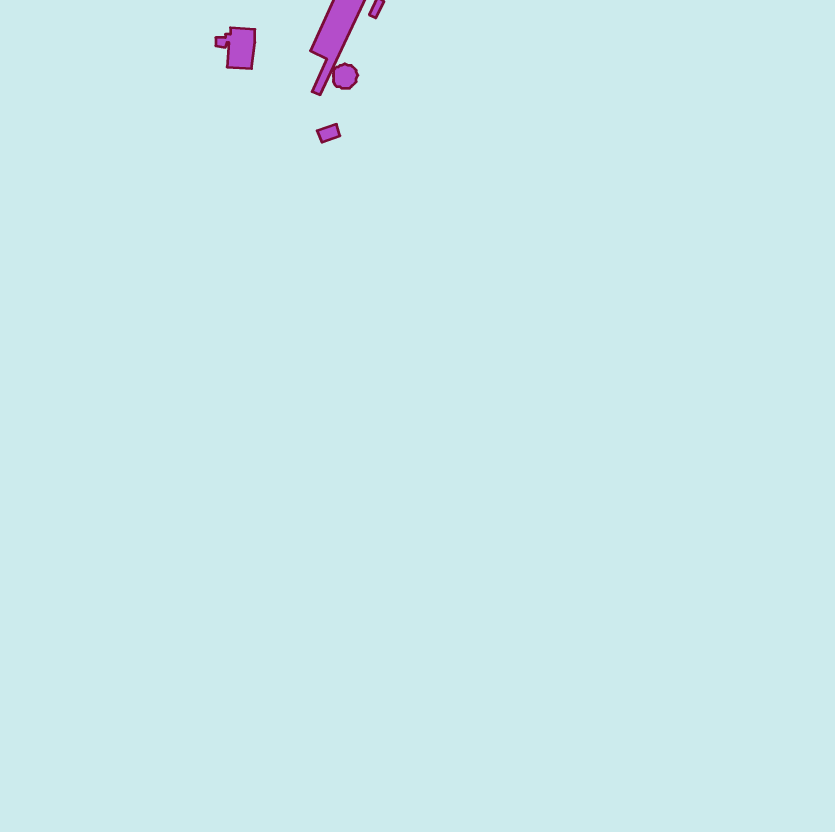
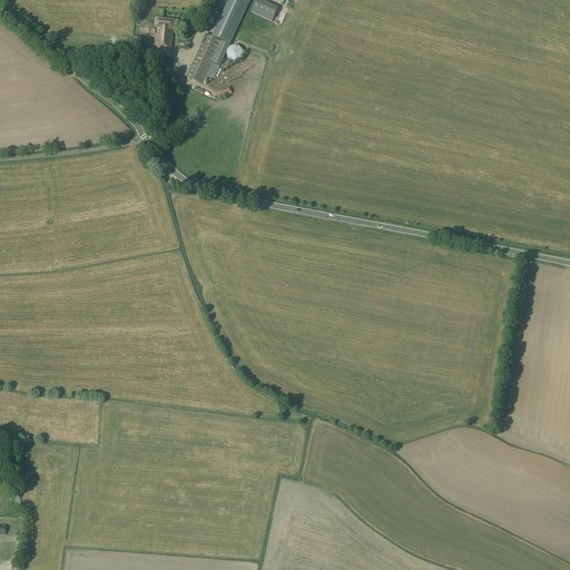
building: none -> [186,32,223,83]

